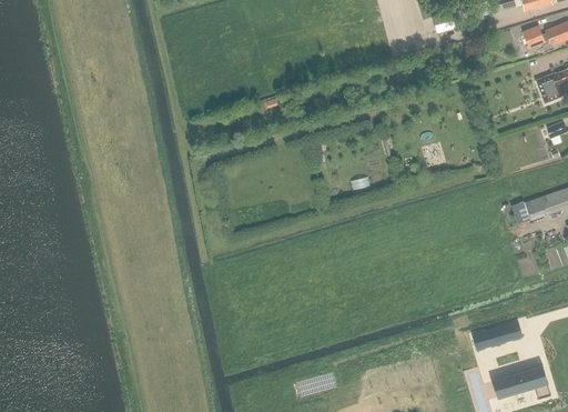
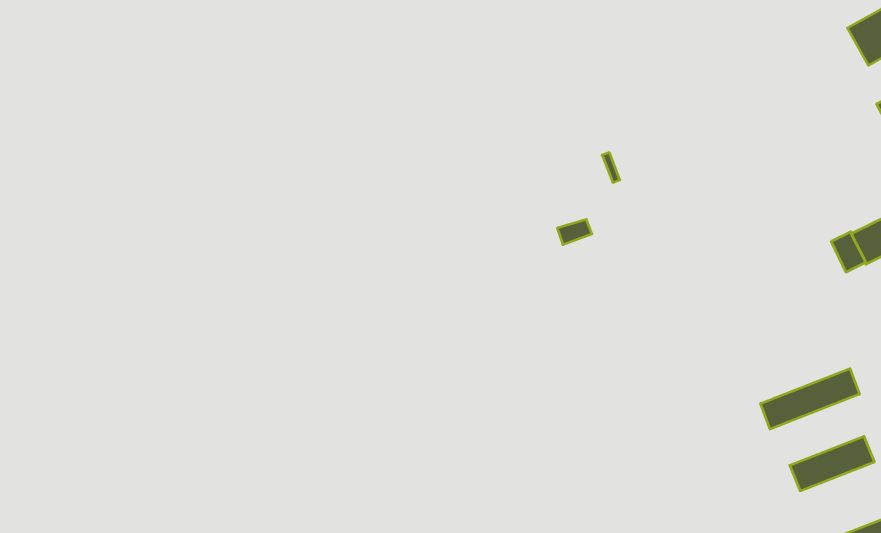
building: none -> [761,369,859,429]

